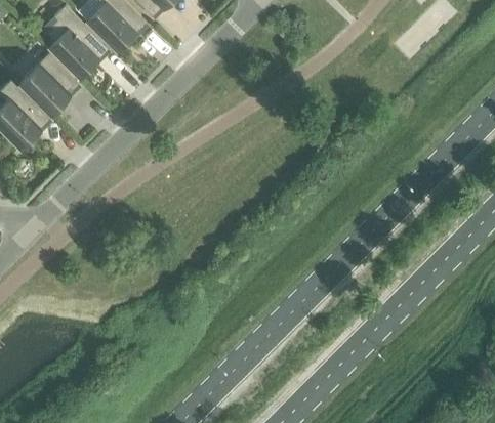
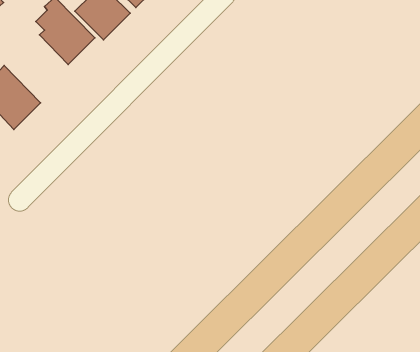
building: [18,54,79,115] -> none

